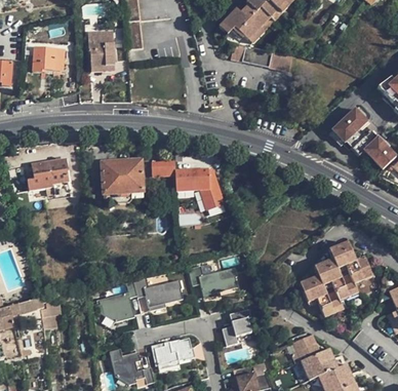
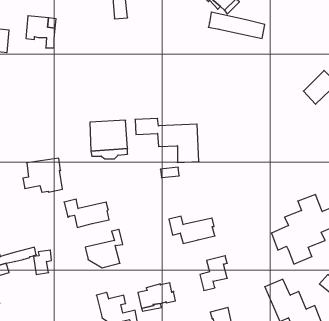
building: [88,40,115,71] -> none
building: [27,157,70,194] -> [23,158,62,192]
building: [133,275,183,306] -> [64,199,109,227]

